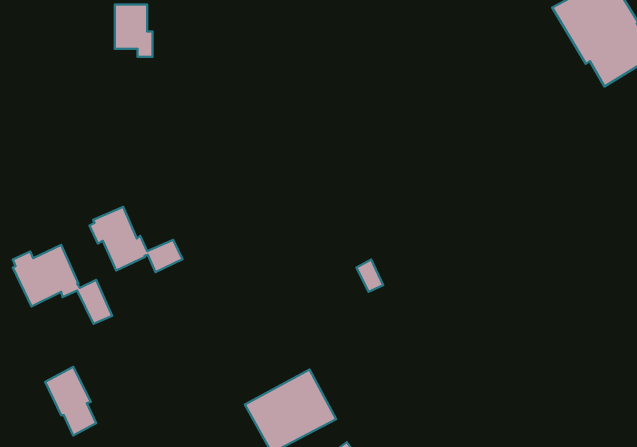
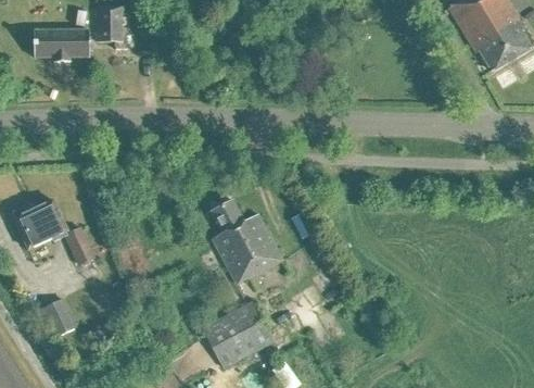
building: none -> [34,29,88,61]
building: [90,207,182,272] -> none
building: none -> [211,199,284,285]

